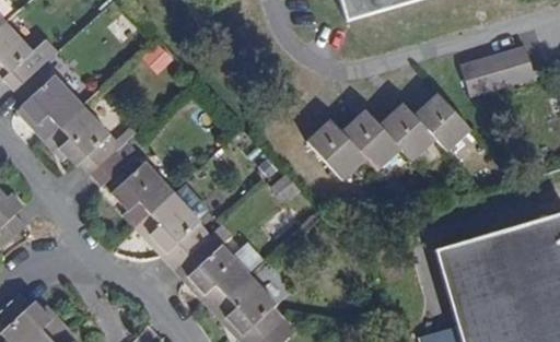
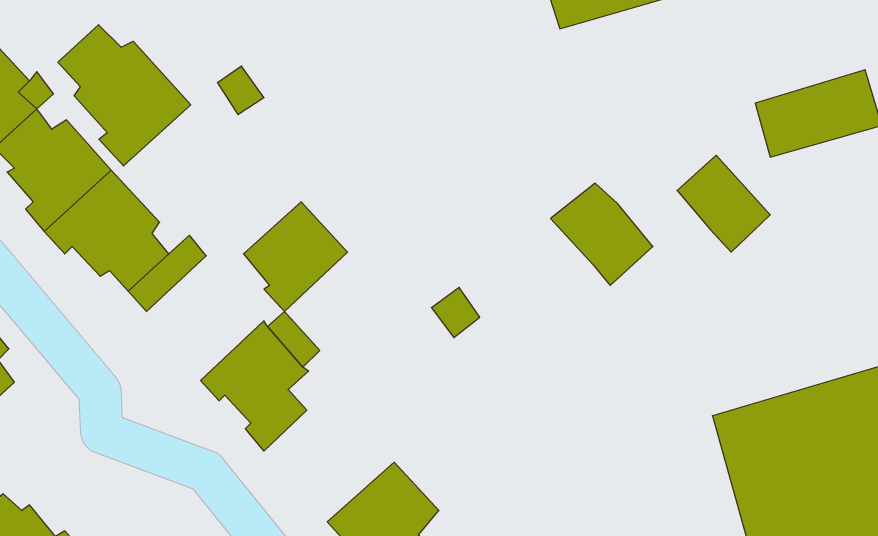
building: none -> [58,25,191,166]
building: [381,103,435,162] -> none
building: [308,120,366,181] -> none
building: [112,163,173,227] -> [243,202,348,312]
building: [173,245,249,310] -> none

